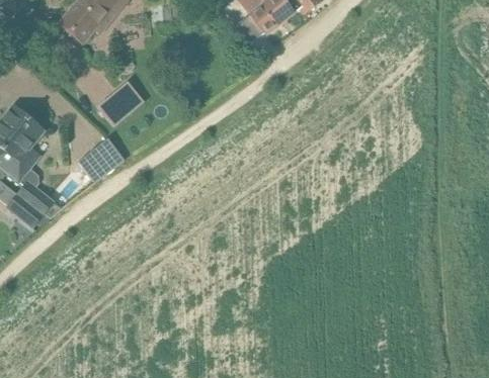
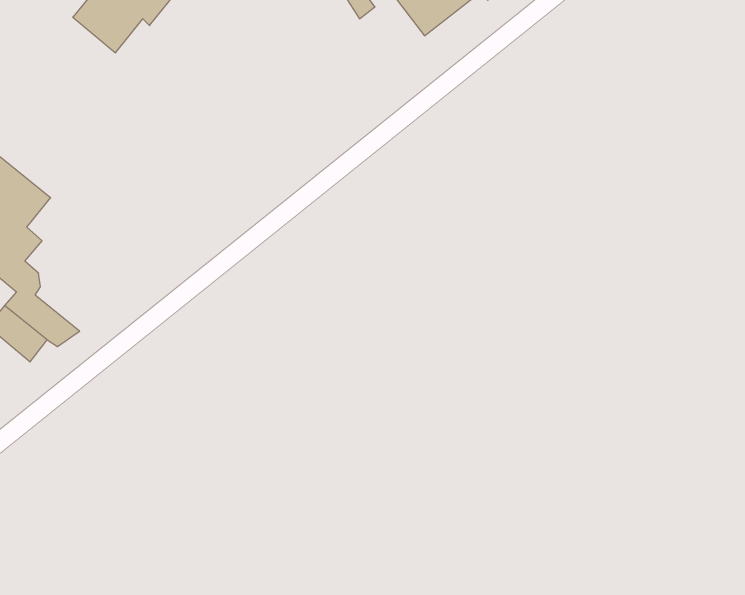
building: [97,82,143,125] -> none
building: [78,137,125,182] -> none

